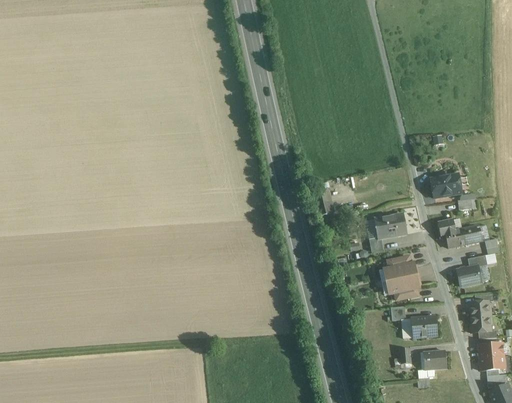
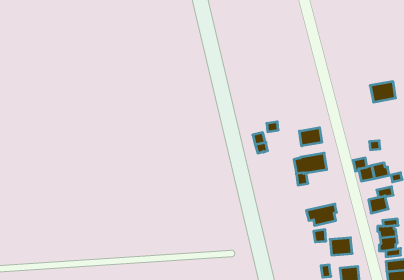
building: [430,172,461,197] -> [370,82,396,102]
building: none -> [299,128,322,146]
building: [378,256,416,283] -> none

